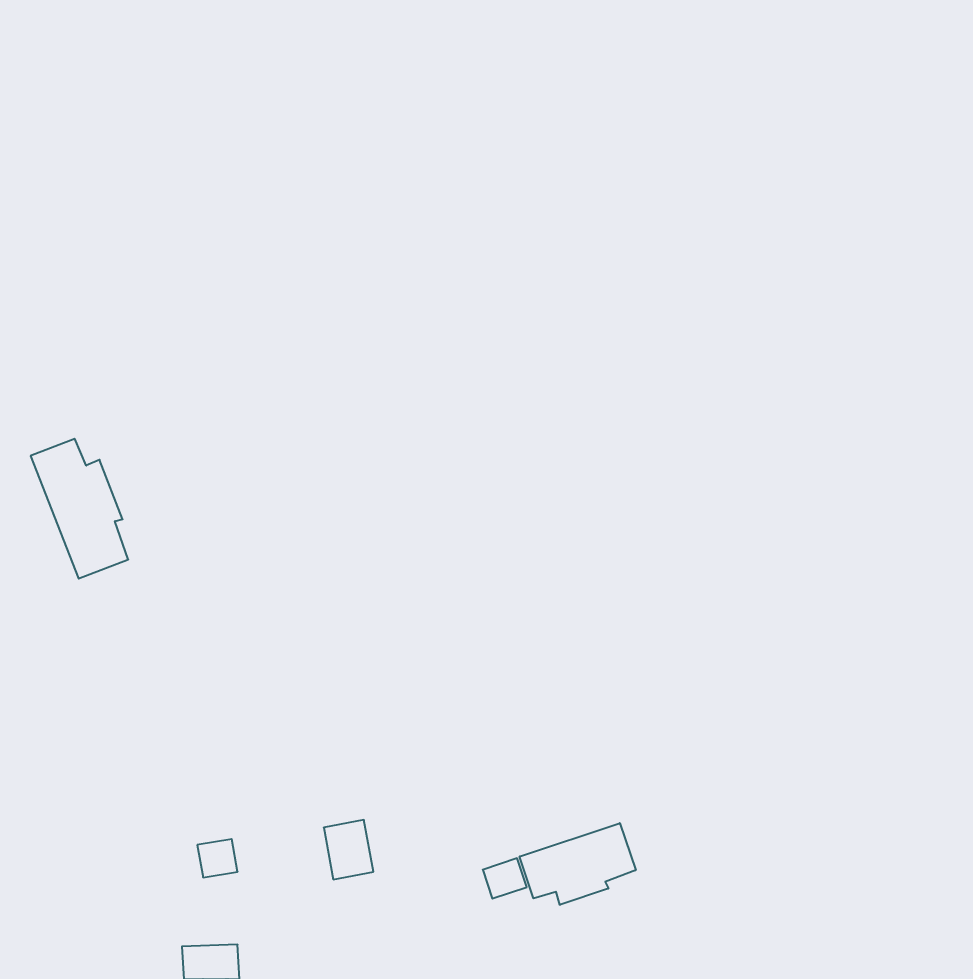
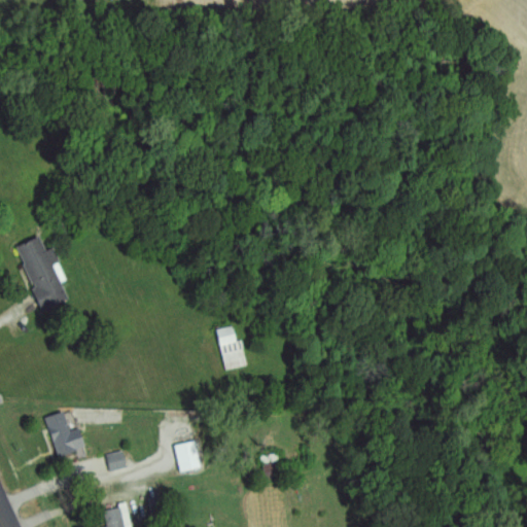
building: none -> [218,326,244,370]
building: none -> [46,412,85,457]
building: [520,823,636,905] -> none

